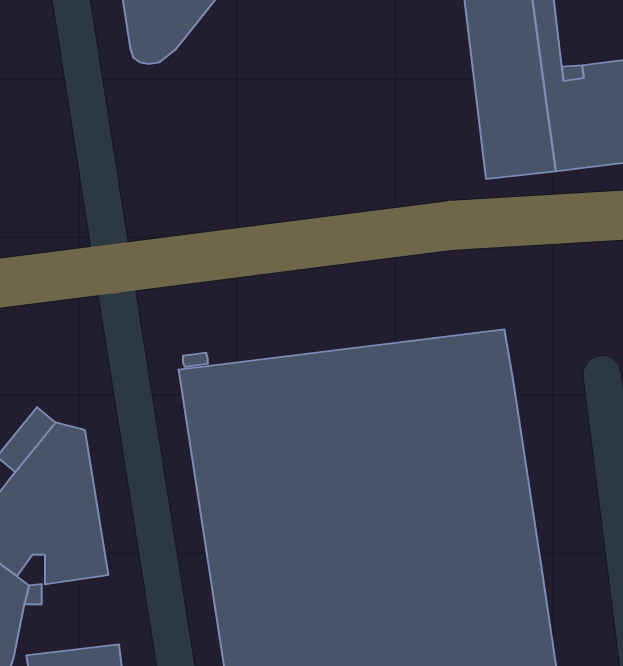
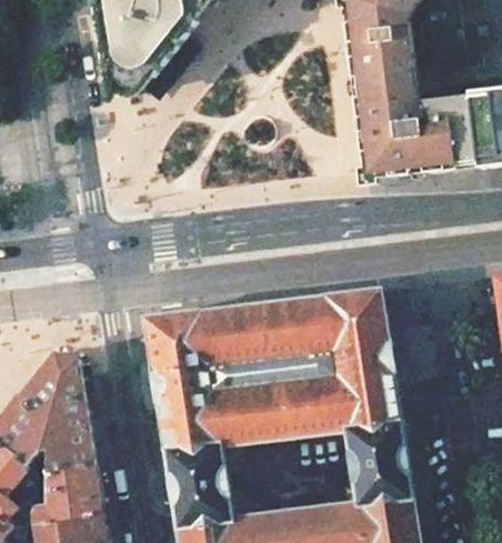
building: none -> [28,464,103,523]

